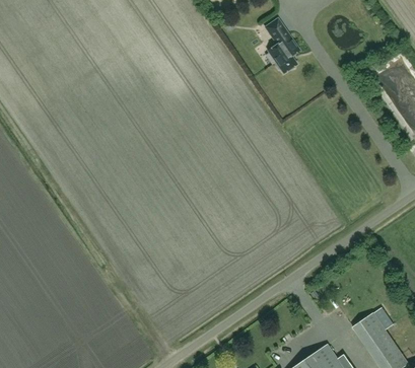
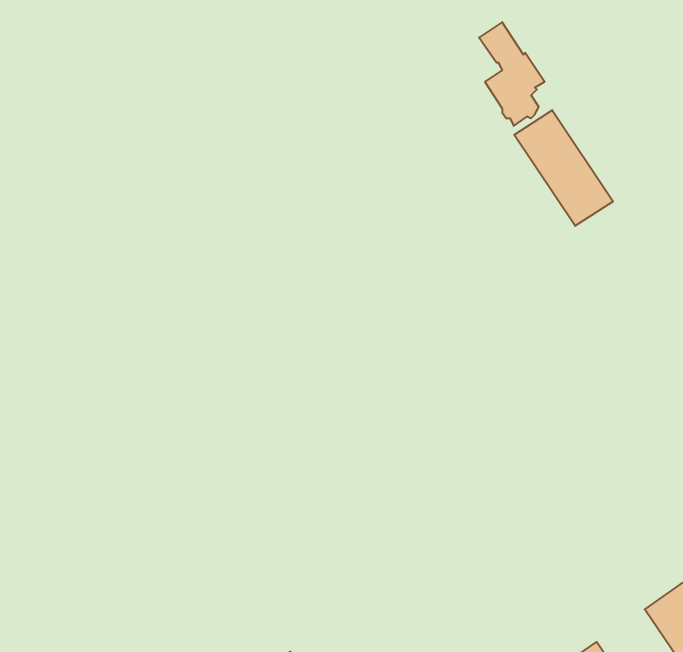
building: none -> [514,110,613,226]

